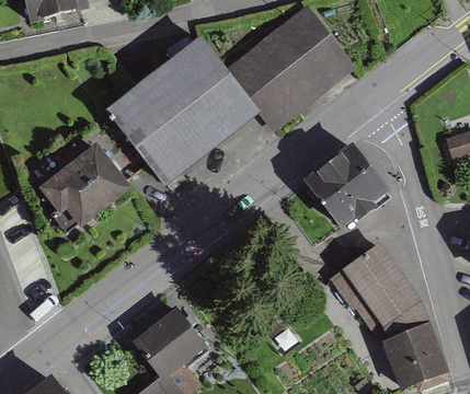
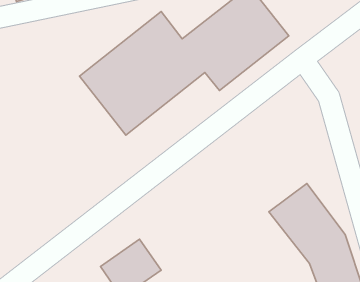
building: [35,142,129,233] -> none
building: [303,143,390,230] -> none

